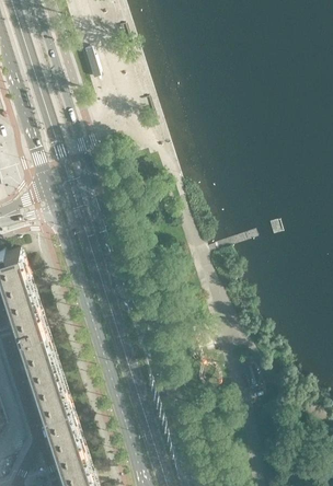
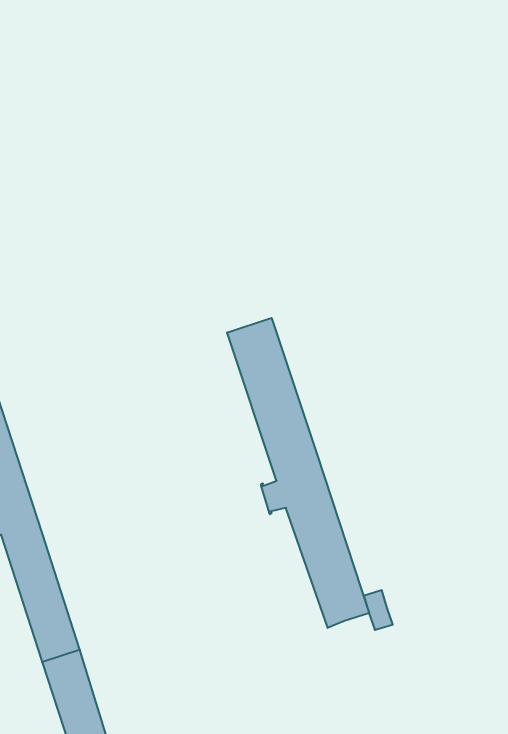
building: none -> [227,318,369,628]

